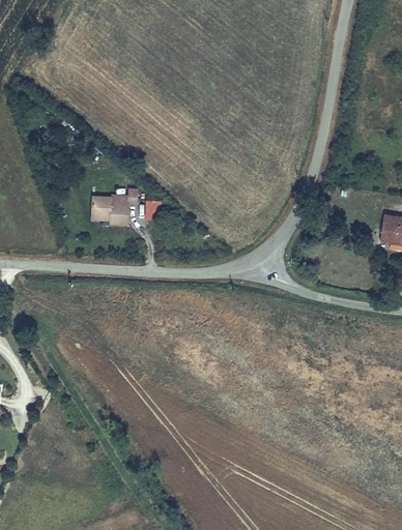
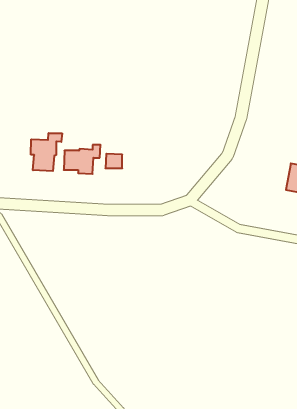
building: none -> [31,133,62,171]

